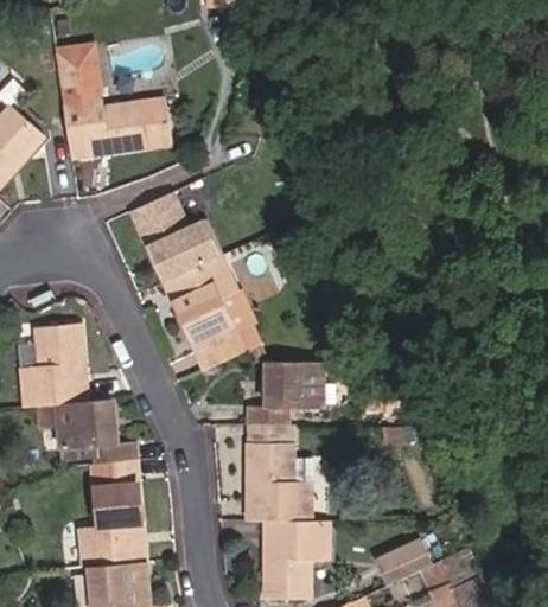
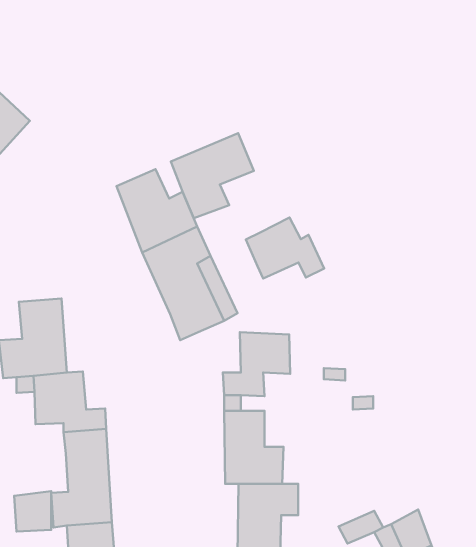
building: [55,38,167,149] -> none
building: none -> [171,133,254,218]
building: none -> [246,218,324,279]
building: none -> [14,491,51,531]

